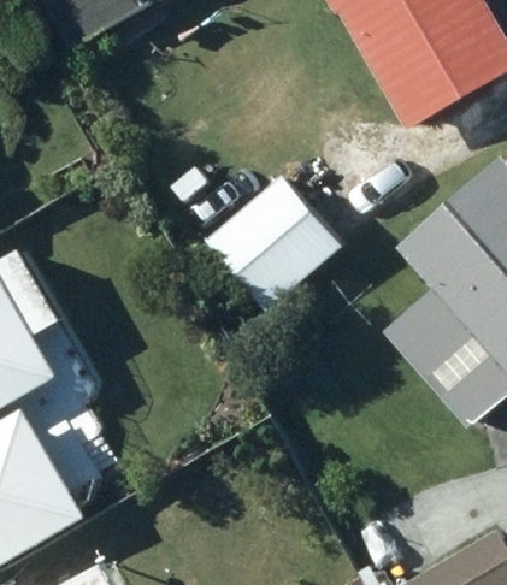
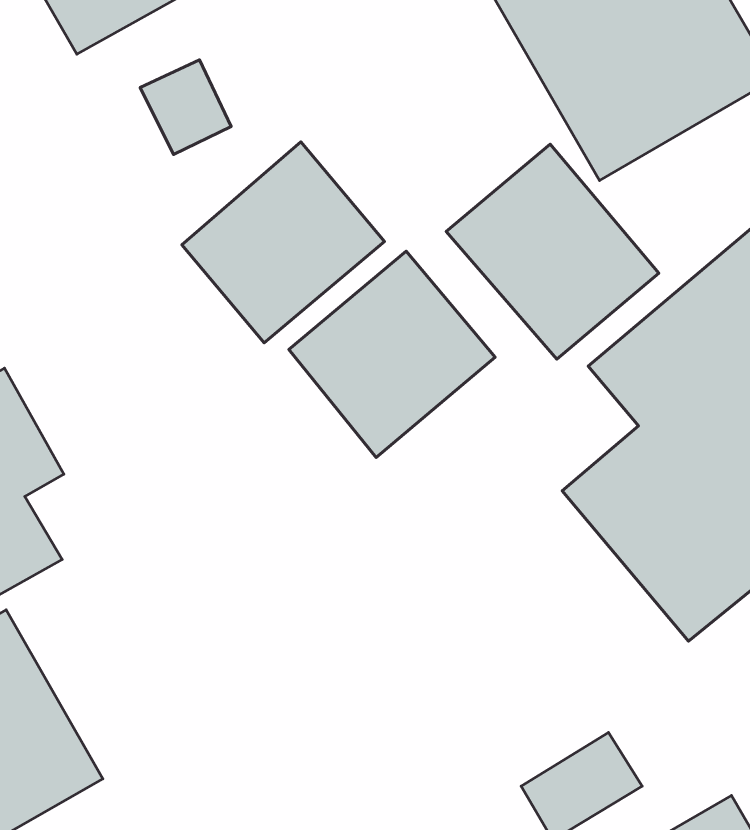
building: none -> [182,142,385,343]
building: none -> [446,144,659,359]

